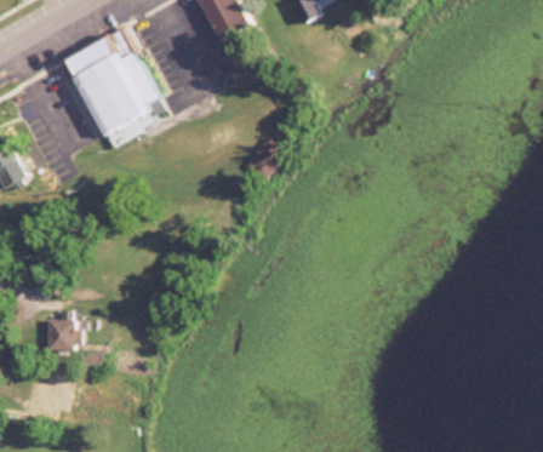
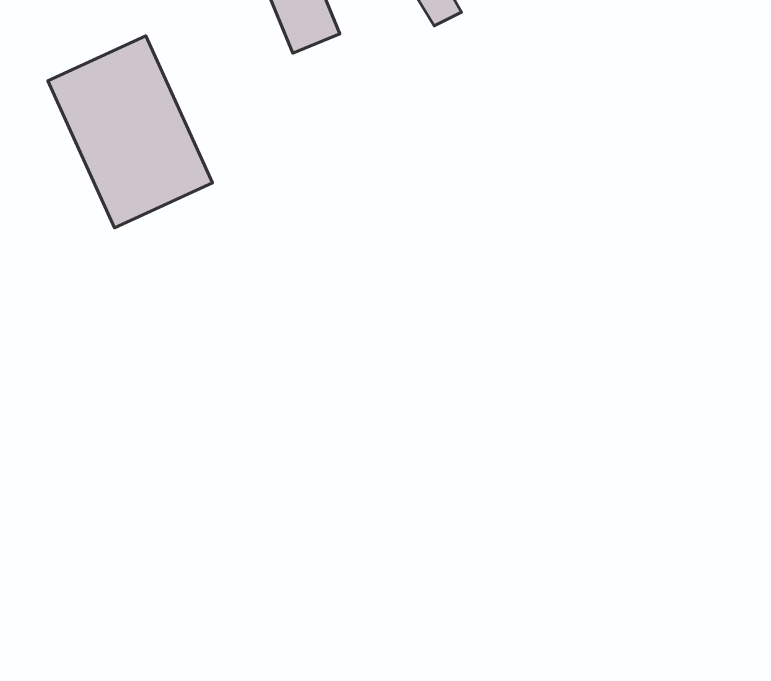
building: [47,310,76,348] -> none

